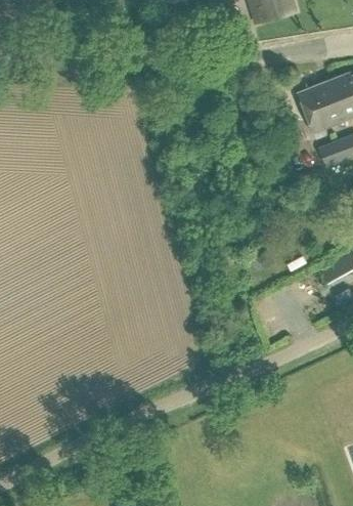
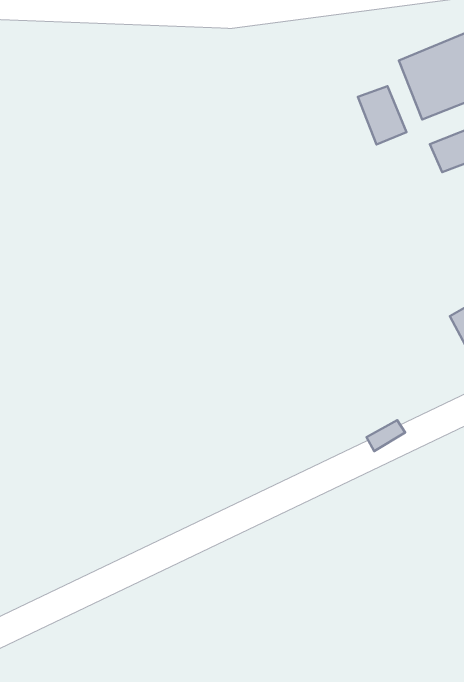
building: none -> [358,86,406,145]

